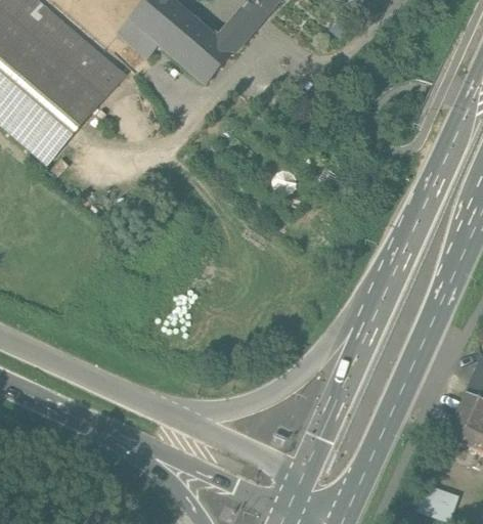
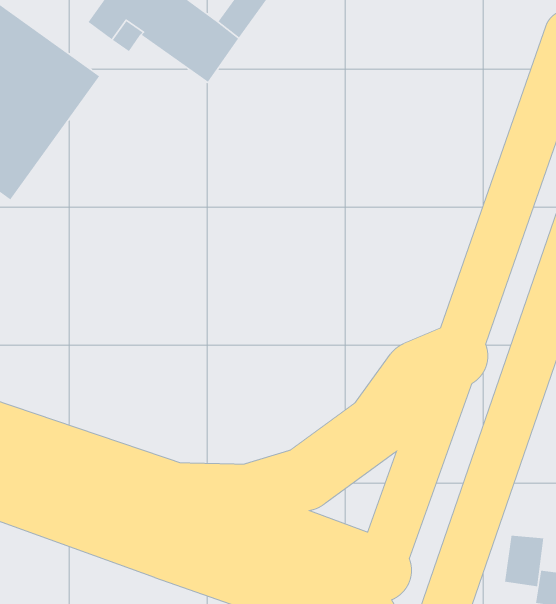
building: none -> [504,535,544,587]

